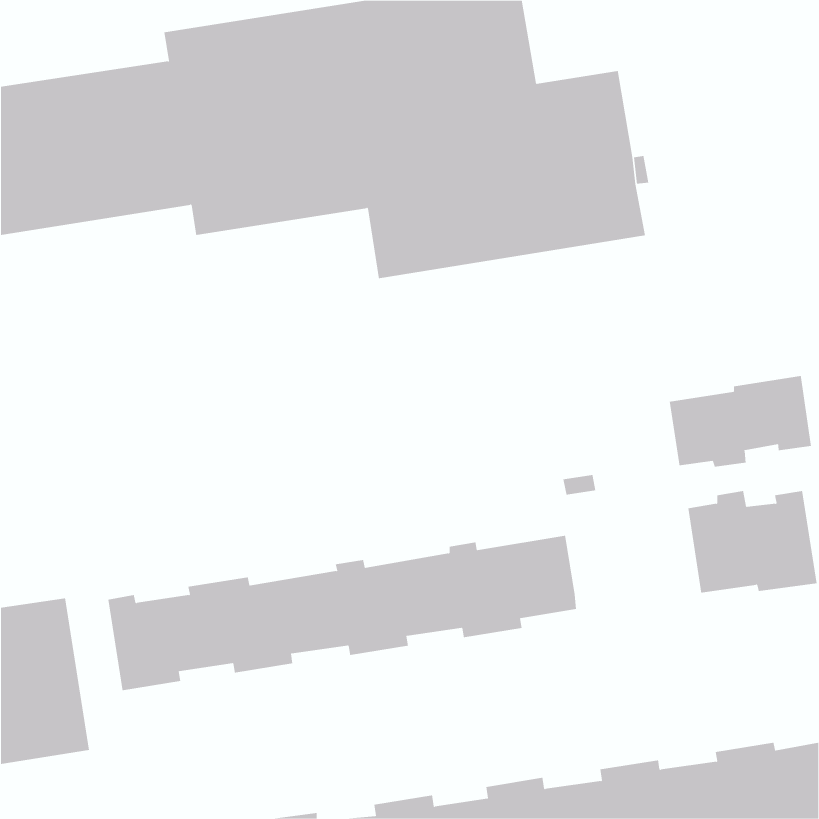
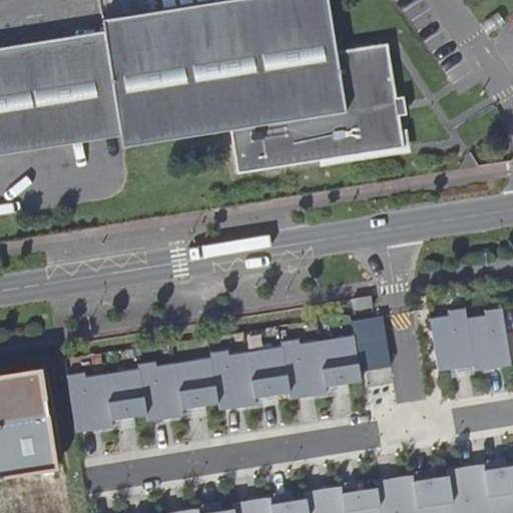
building: [669,375,811,467] -> none
building: none -> [352,316,391,372]

